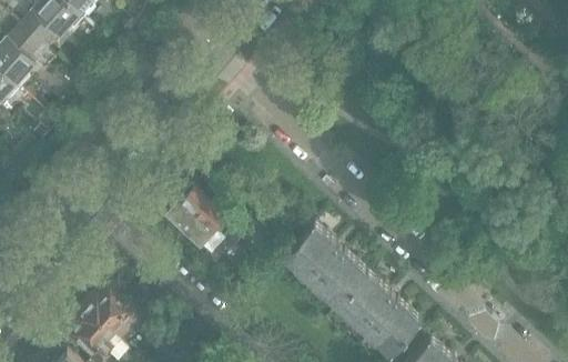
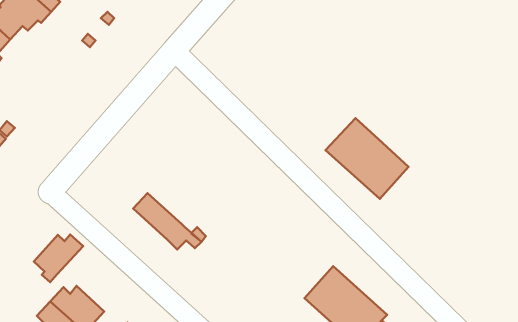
building: [179,185,227,233] -> none
building: [282,227,365,308] -> [326,118,408,199]
building: none -> [34,234,83,282]

